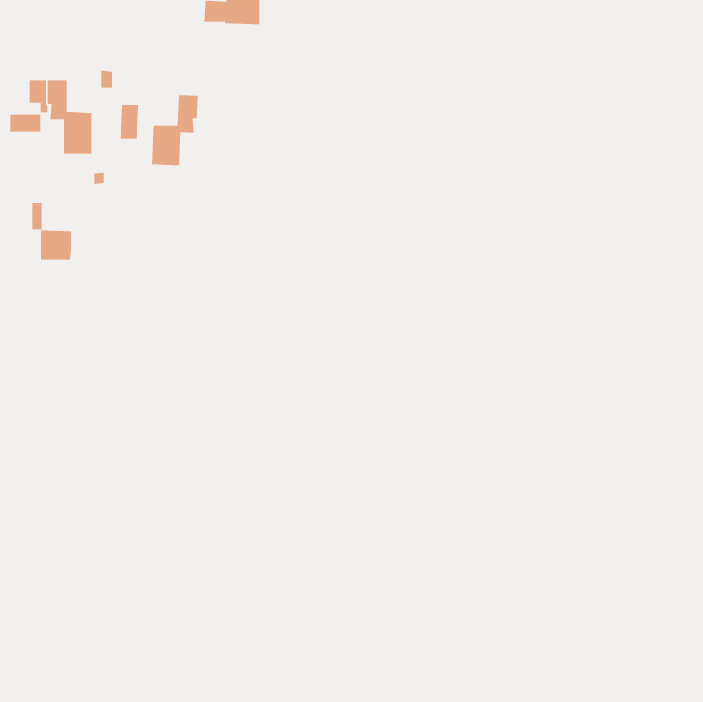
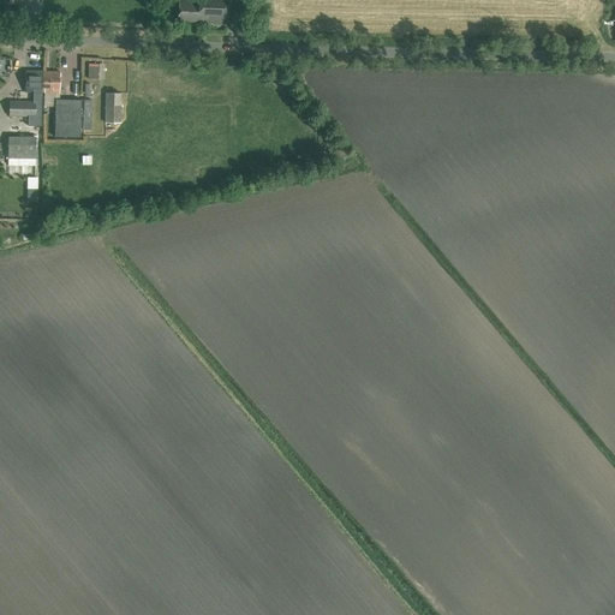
building: [152,94,198,166] -> none
building: [40,230,72,260] -> [8,138,36,165]

